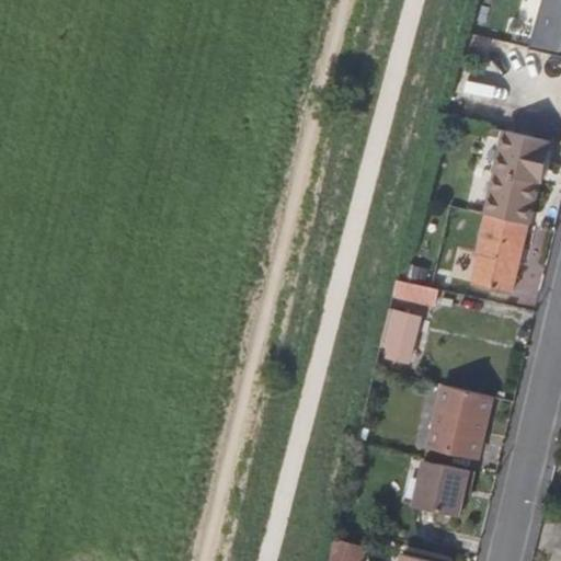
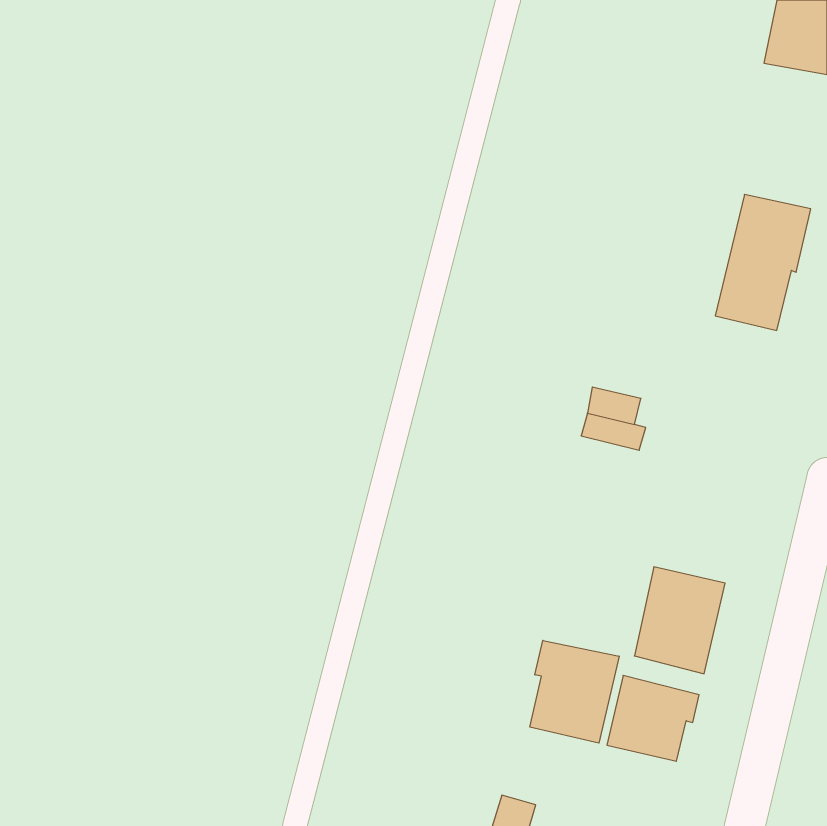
building: [468,215,526,307] -> none
building: [381,309,419,363] -> none
building: none -> [530,640,619,743]

